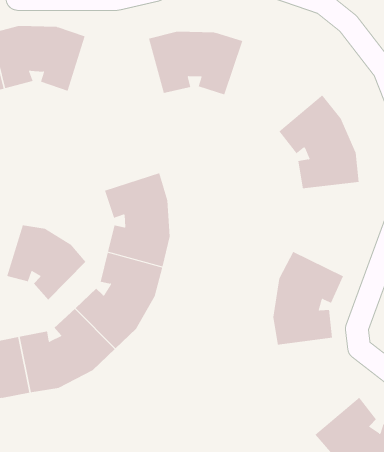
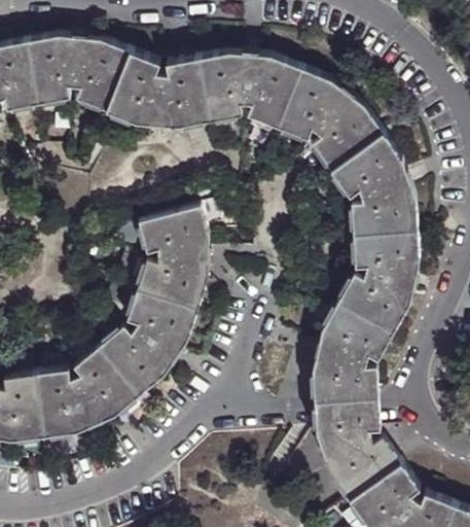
building: none -> [106,54,209,128]
building: none -> [276,70,382,171]
building: none -> [338,232,418,332]
building: [7,224,86,301] -> none
building: none -> [315,398,400,502]

